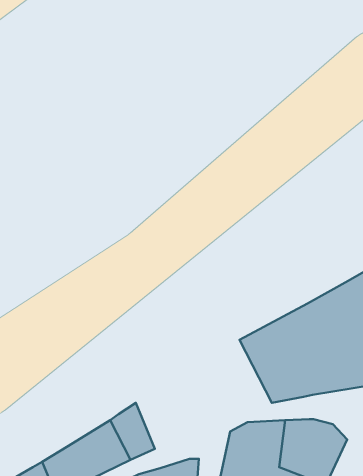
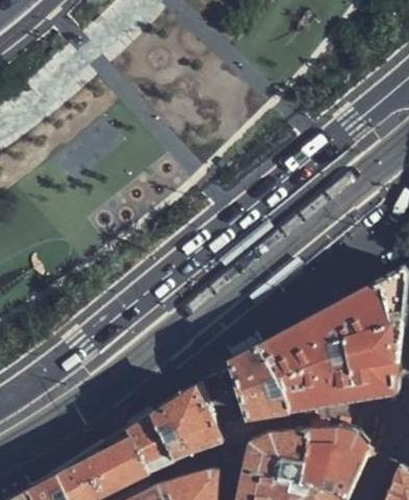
building: none -> [232,348,292,419]
building: none -> [153,385,221,459]

